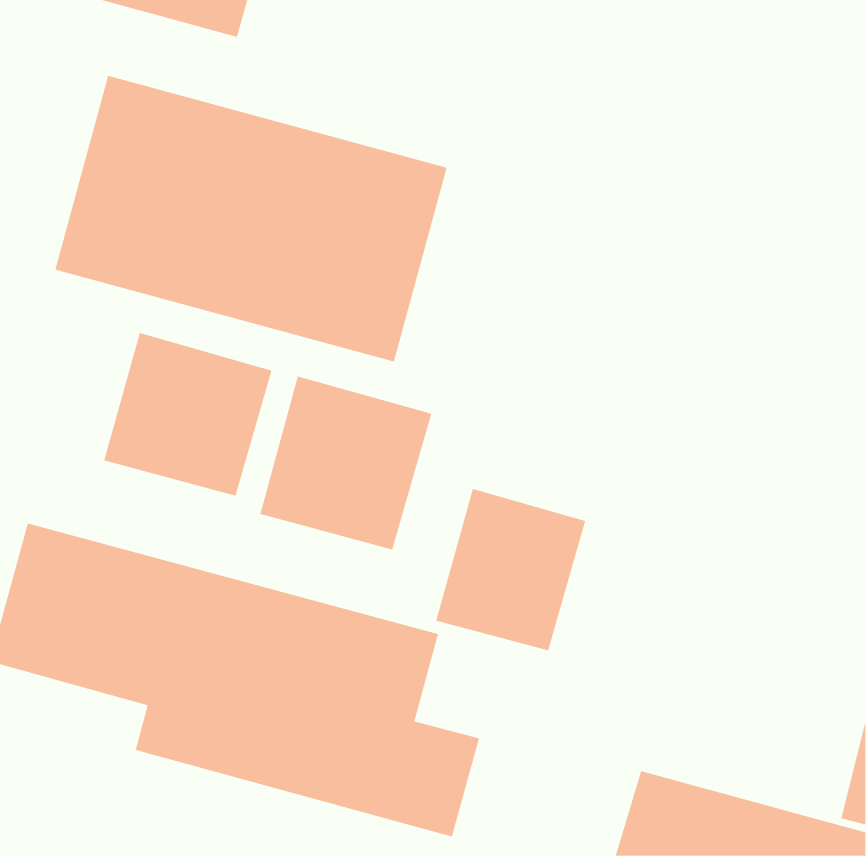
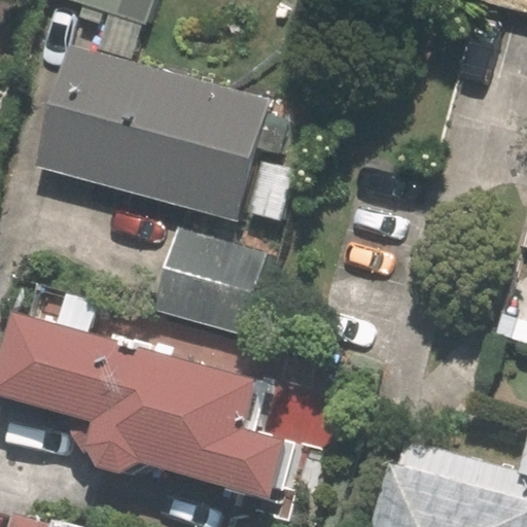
building: [104,332,272,497] -> none
building: [436,488,586,651] -> none

